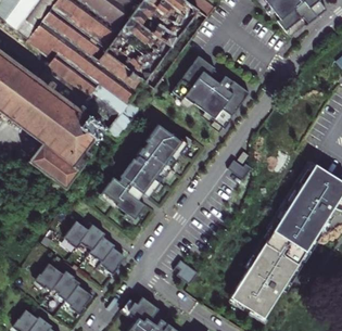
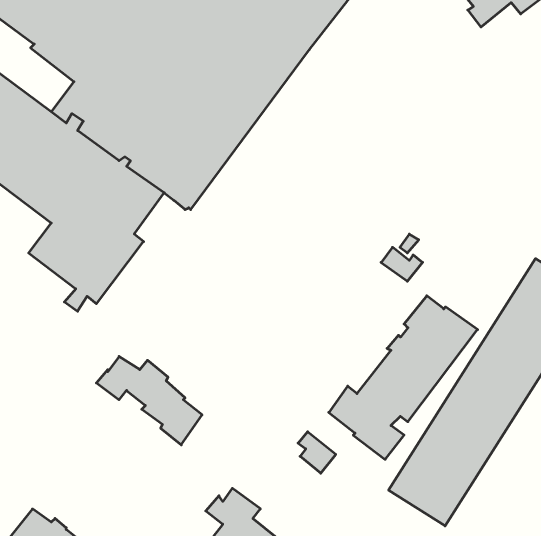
building: [172,54,249,127] -> none
building: [102,123,188,217] -> [329,296,478,459]
building: [37,262,92,310] -> none

